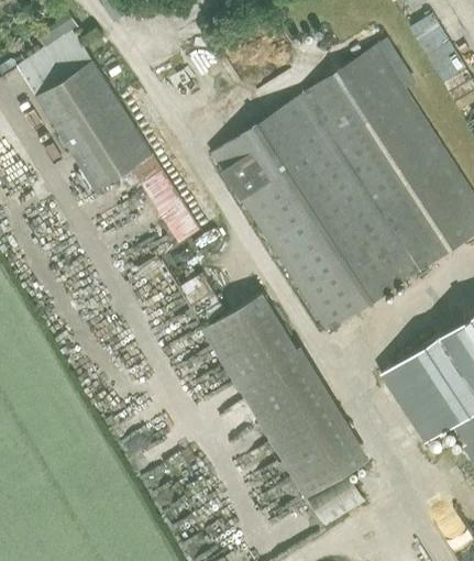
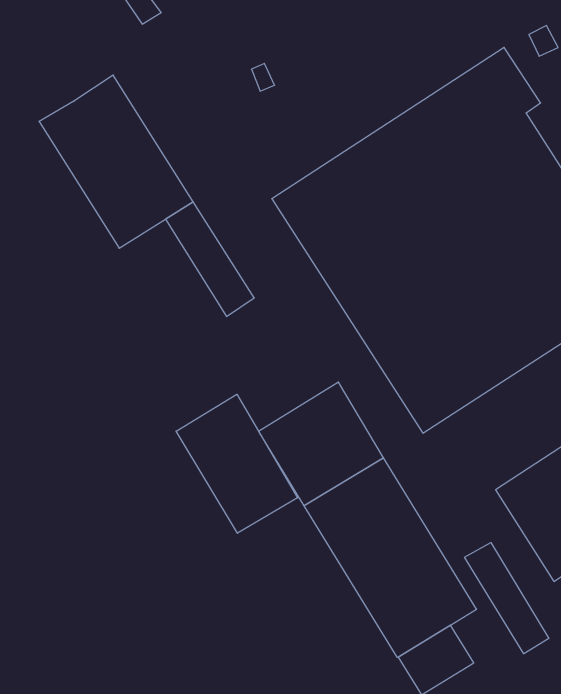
building: [16,29,92,96] -> none
building: none -> [176,394,298,533]
building: none -> [465,543,549,654]

